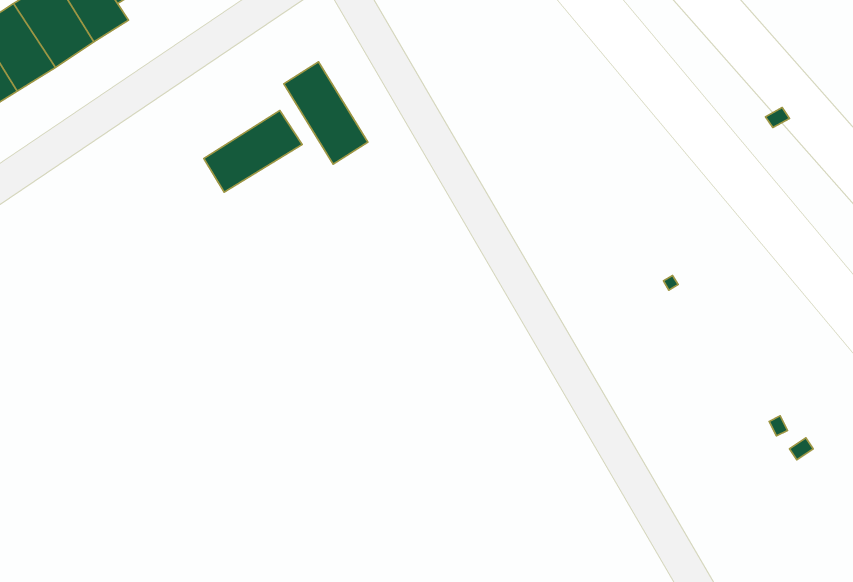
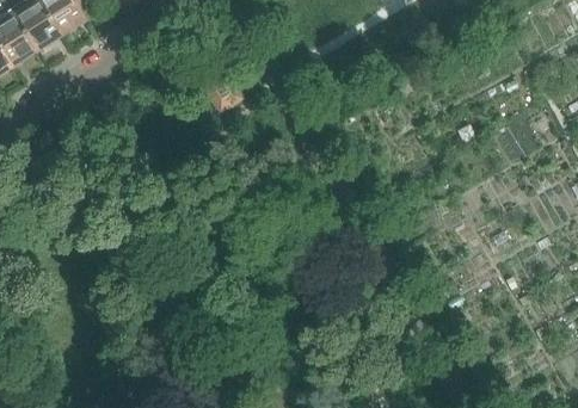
building: [204,111,302,192] -> none

